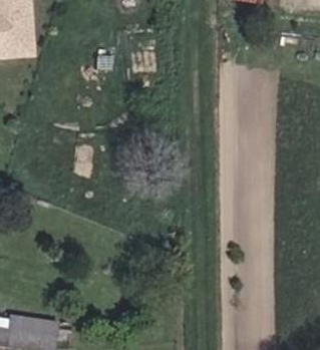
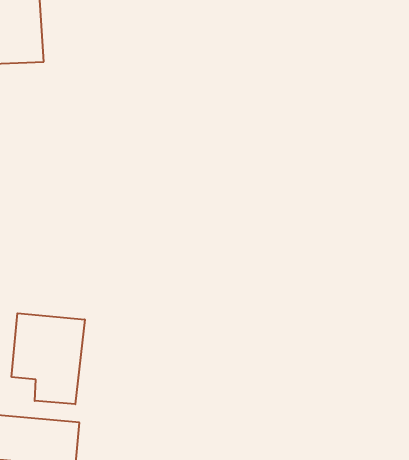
building: none -> [12,313,85,404]

